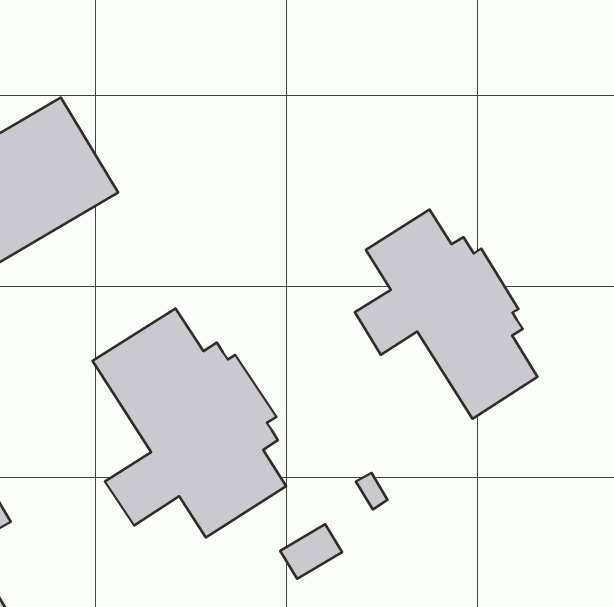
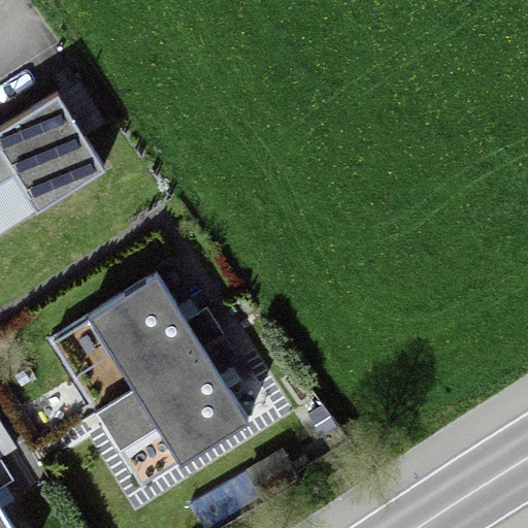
building: [355,210,538,419] -> none

